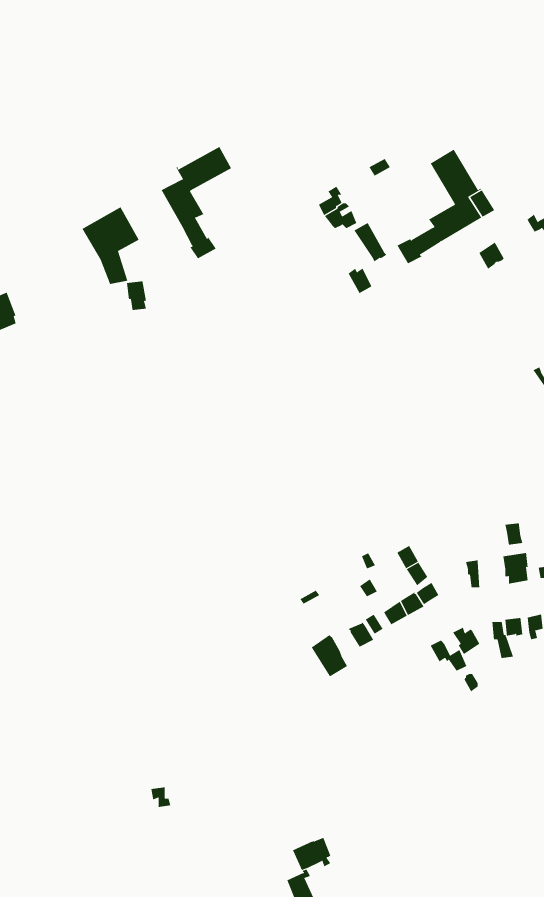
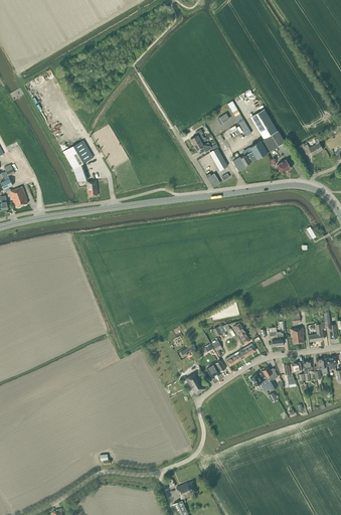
building: [161,146,232,259] -> none

